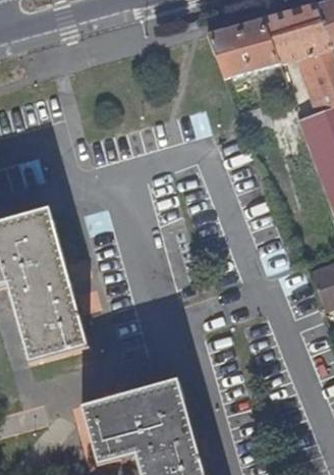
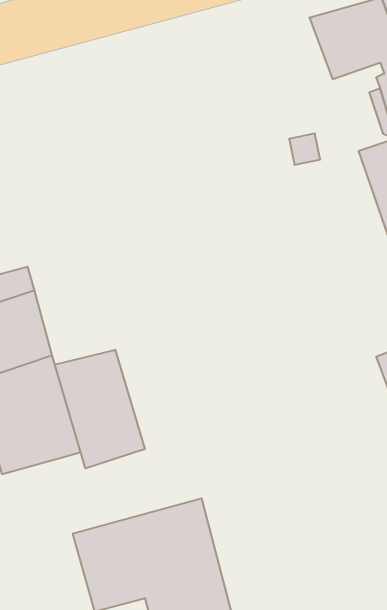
building: [206,18,277,84] -> none
building: none -> [55,350,145,468]

